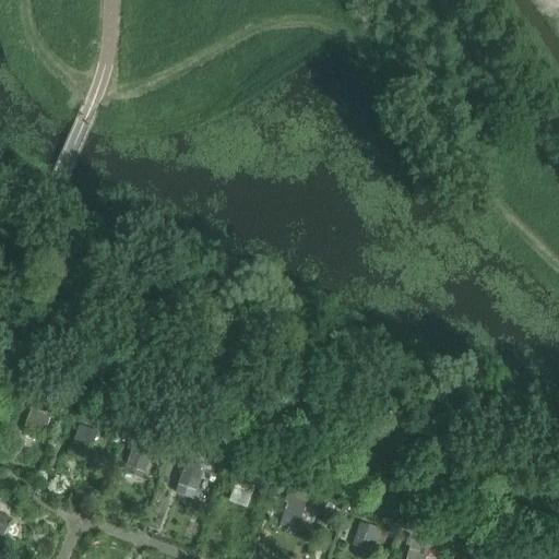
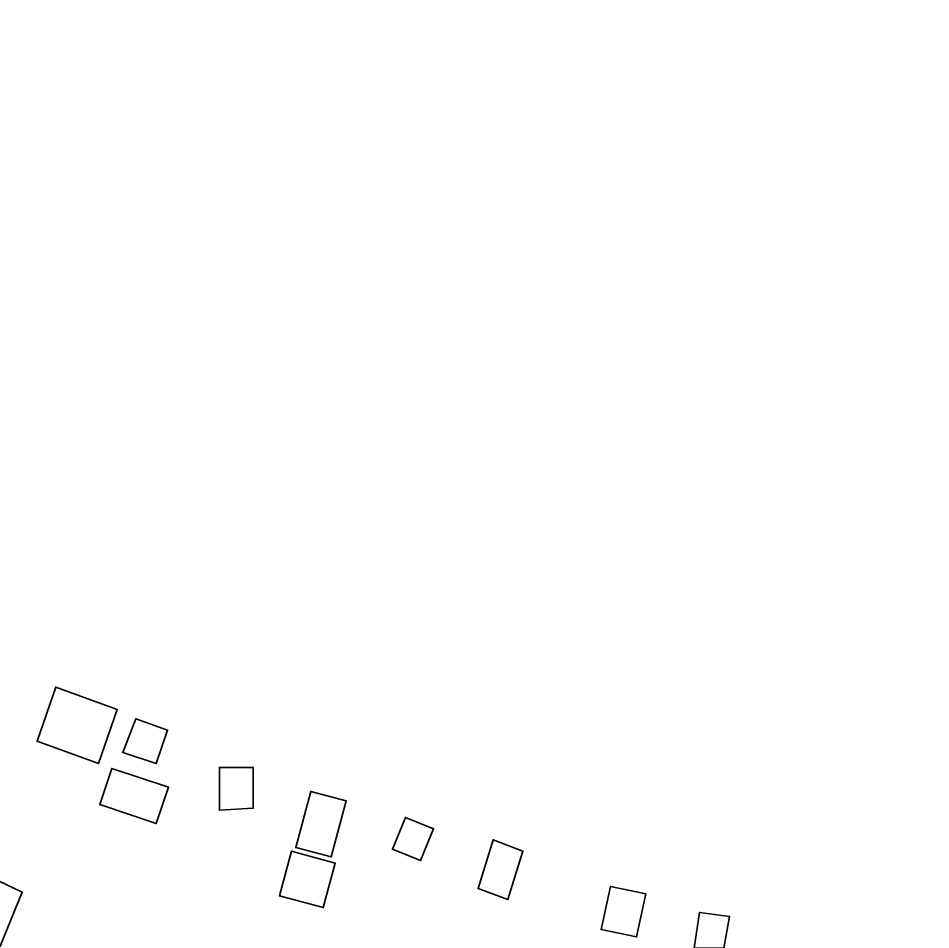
building: none -> [100,768,168,823]
building: none -> [280,851,335,908]

